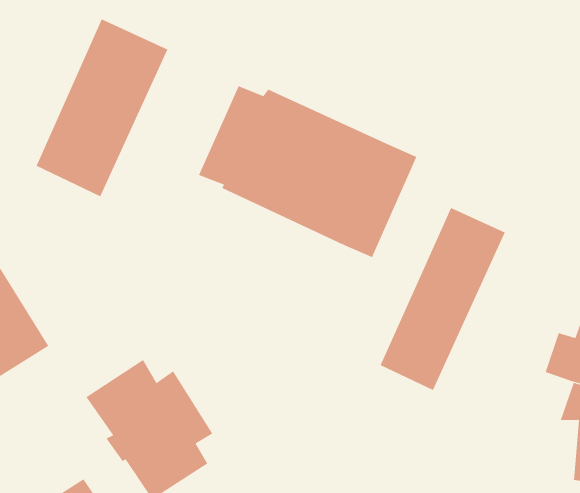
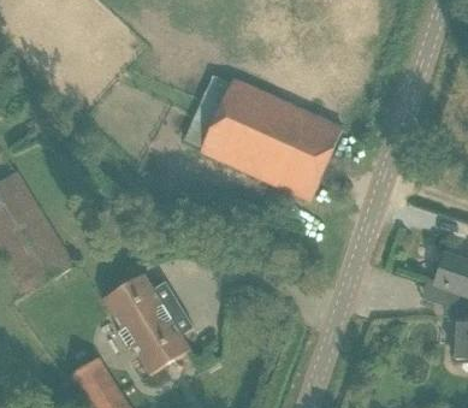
building: [36,19,168,197] -> none
building: [380,207,506,391] -> none

